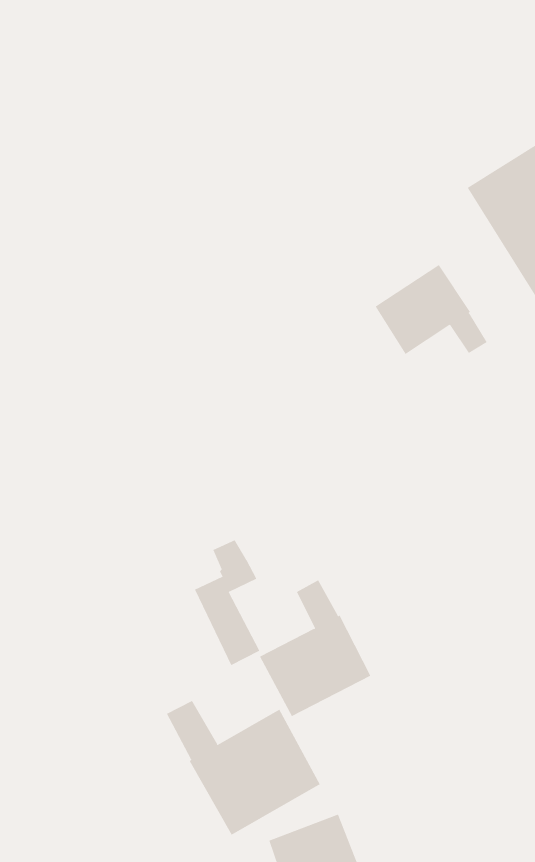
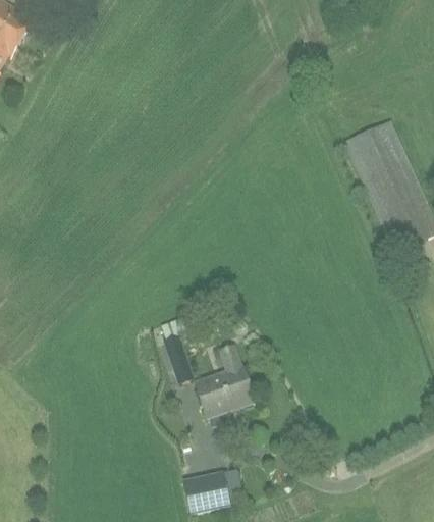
building: [375,264,488,355] -> none
building: [166,700,320,835] -> none

